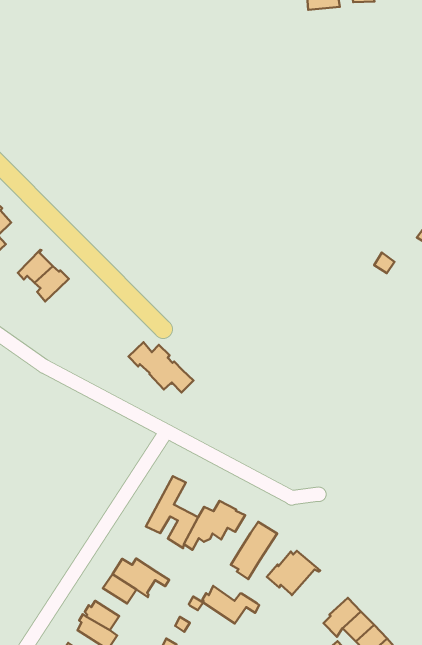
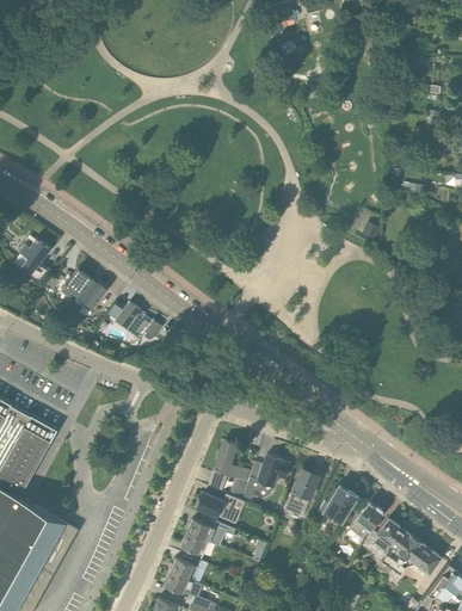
building: [129,342,193,392] -> [105,303,164,340]
building: none -> [350,504,383,539]
building: [202,586,259,624] -> [196,493,245,521]

